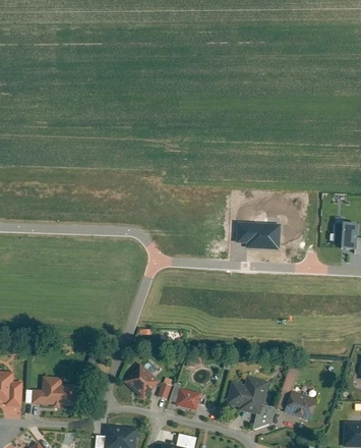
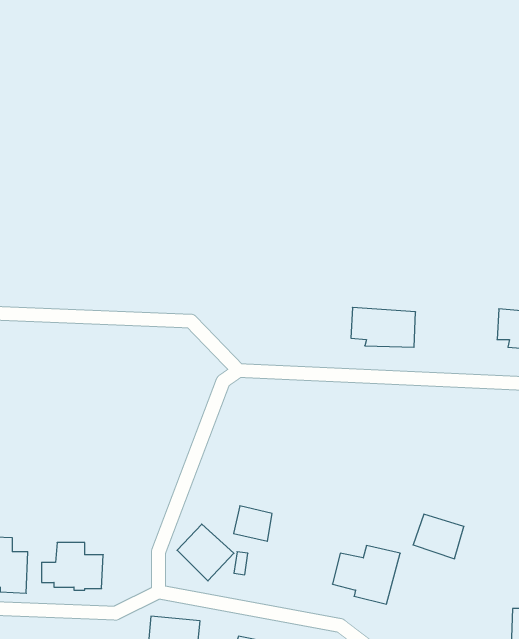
building: [175,390,200,413] -> [234,506,272,541]
building: [286,393,319,423] -> [413,514,464,559]

